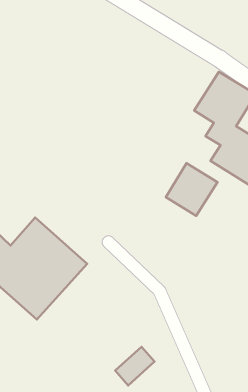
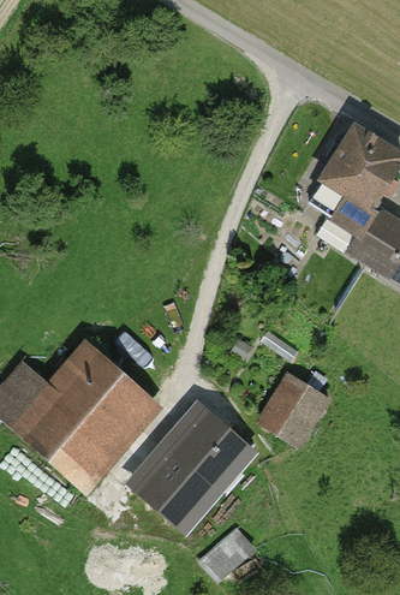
building: [166,163,218,216] -> [257,373,333,450]
building: none -> [126,400,259,536]

